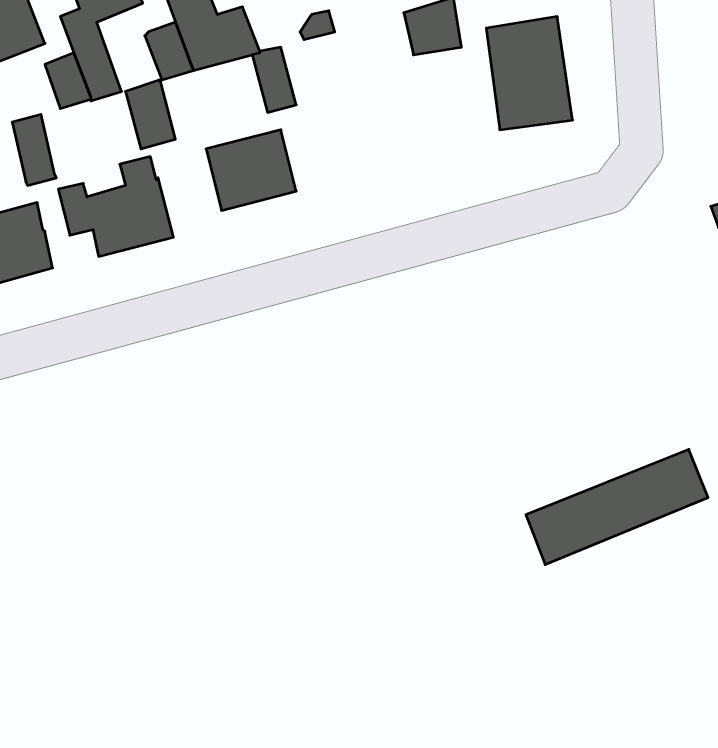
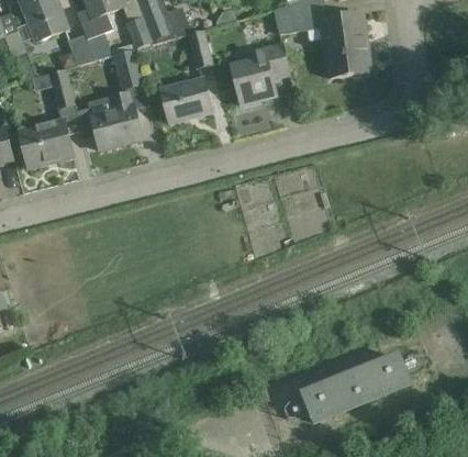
building: none -> [231,40,289,103]
building: [526,449,708,565] -> [300,354,404,420]

